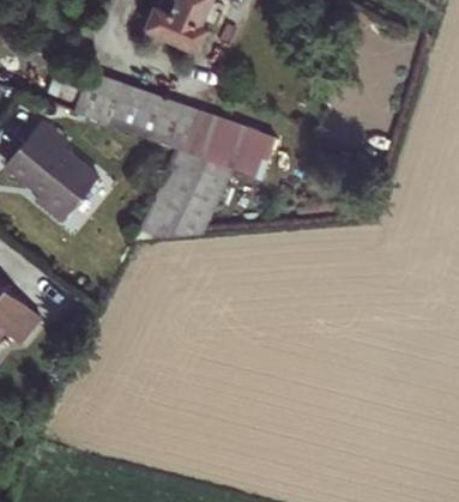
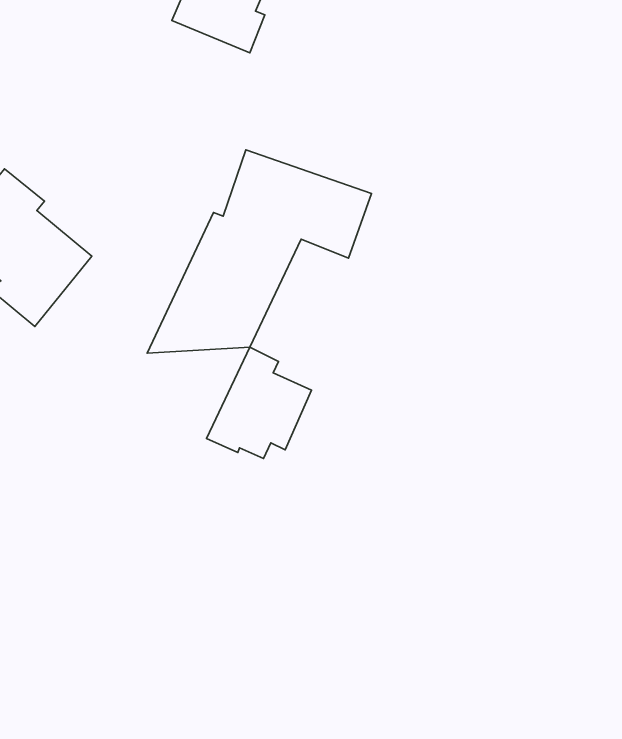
building: [73,72,197,153] -> none
building: none -> [207,347,312,458]

